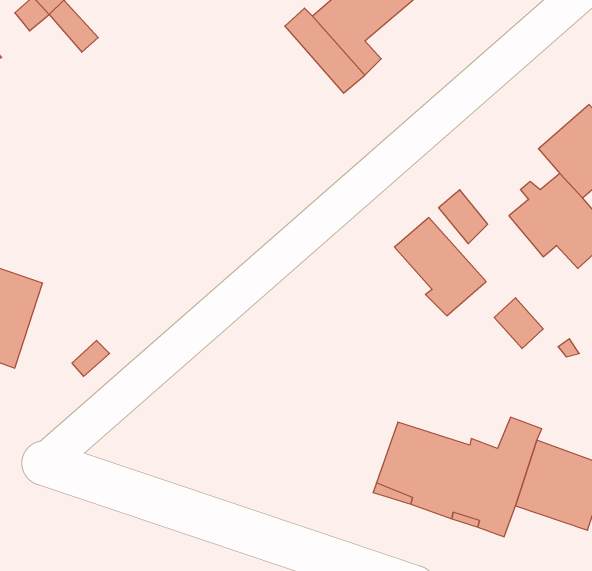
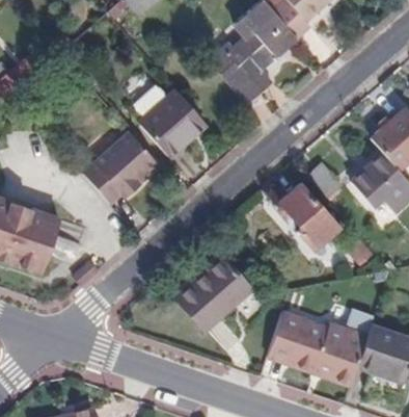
building: none -> [136,85,206,156]
building: none -> [81,129,156,203]
building: none -> [176,258,250,330]

